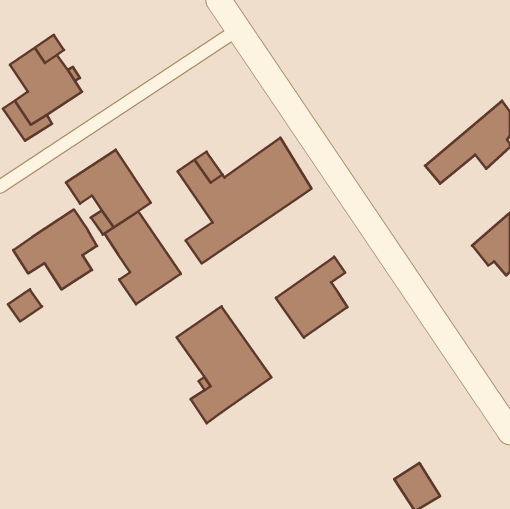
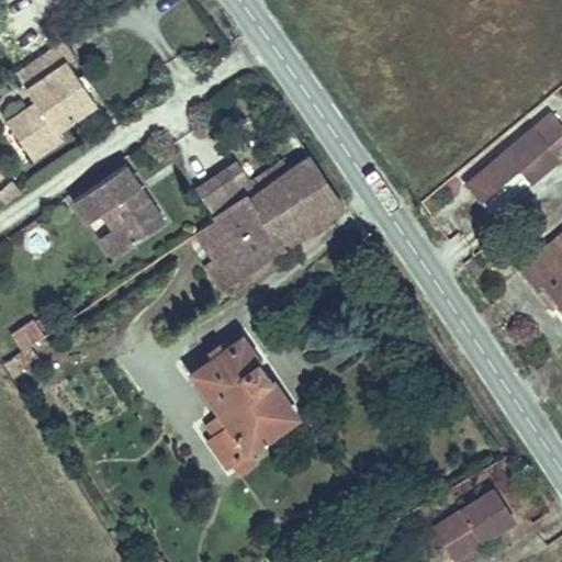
building: [13,210,97,289] -> none
building: [105,211,181,304] -> none
building: [276,257,347,338] -> none
building: none -> [462,490,519,548]

